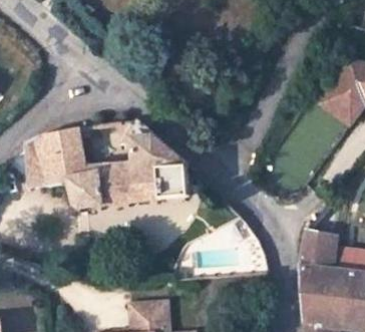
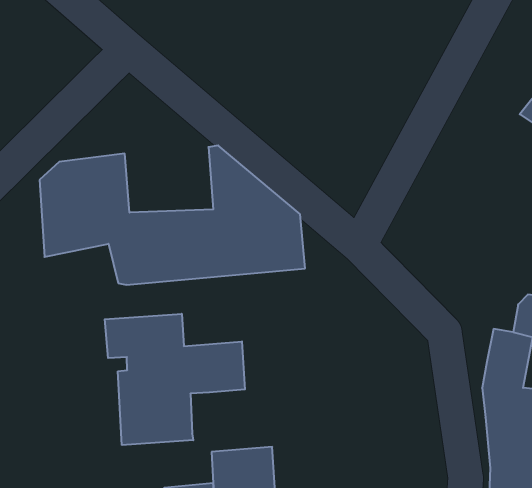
building: none -> [105,314,245,445]

